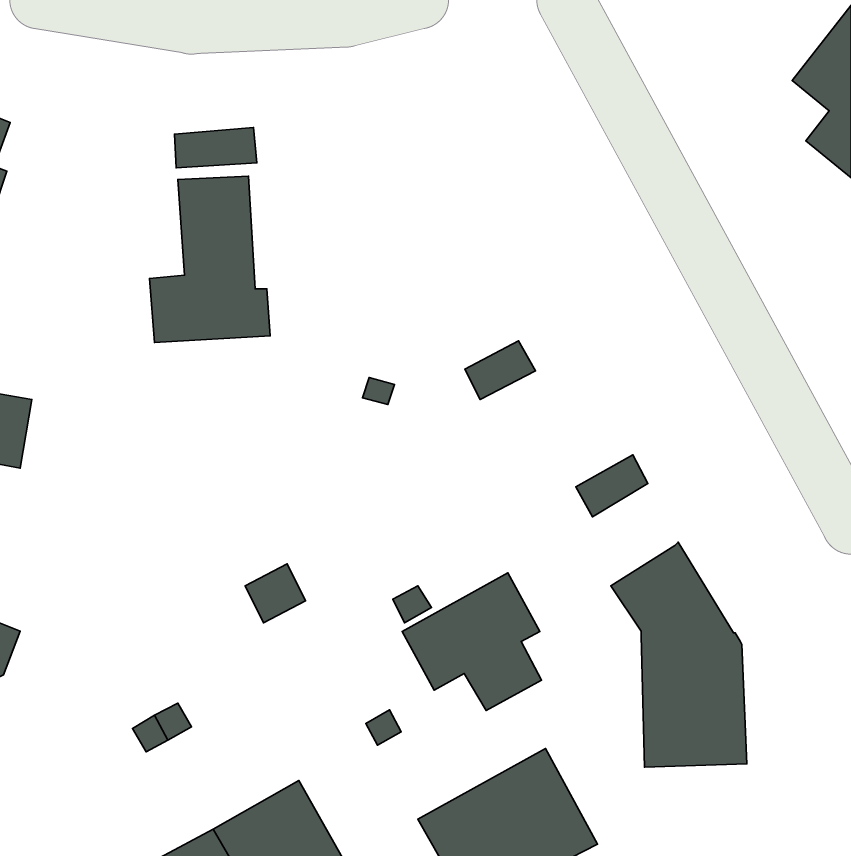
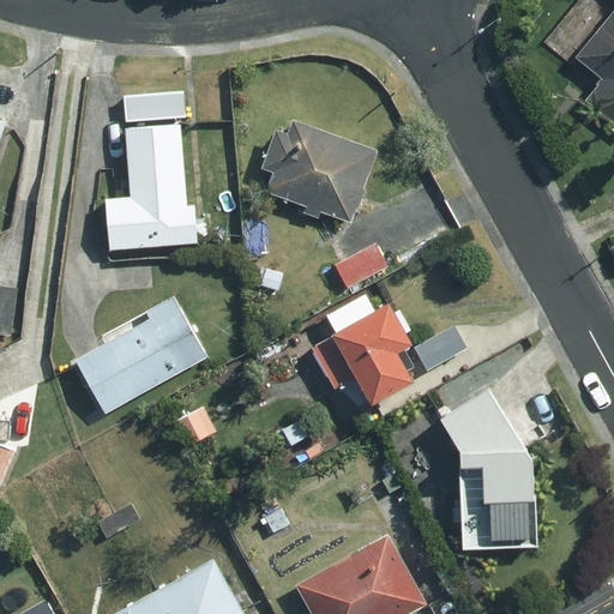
building: none -> [264,120,375,219]
building: none -> [77,301,203,413]
building: [402,573,541,710] -> [312,303,411,402]

